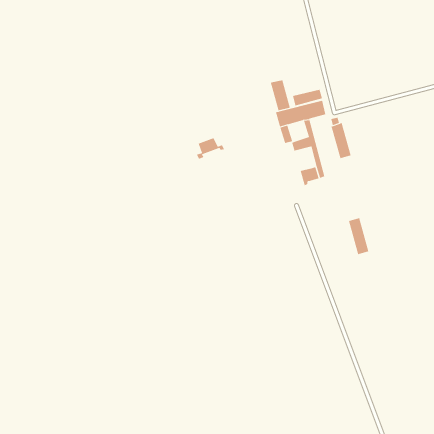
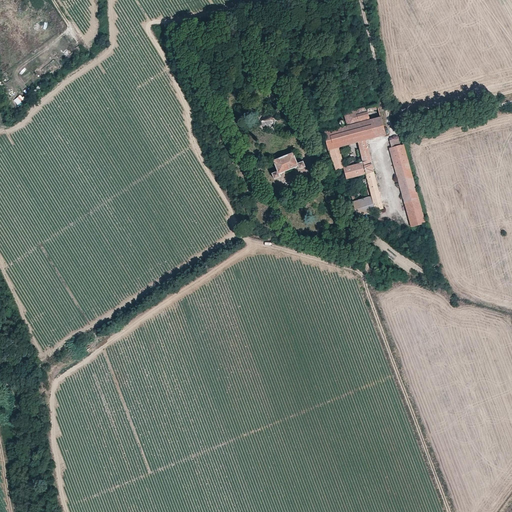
building: [270,79,290,111] -> none
building: [196,138,225,160] -> [271,153,305,179]
building: [348,218,369,255] -> [400,183,425,227]

